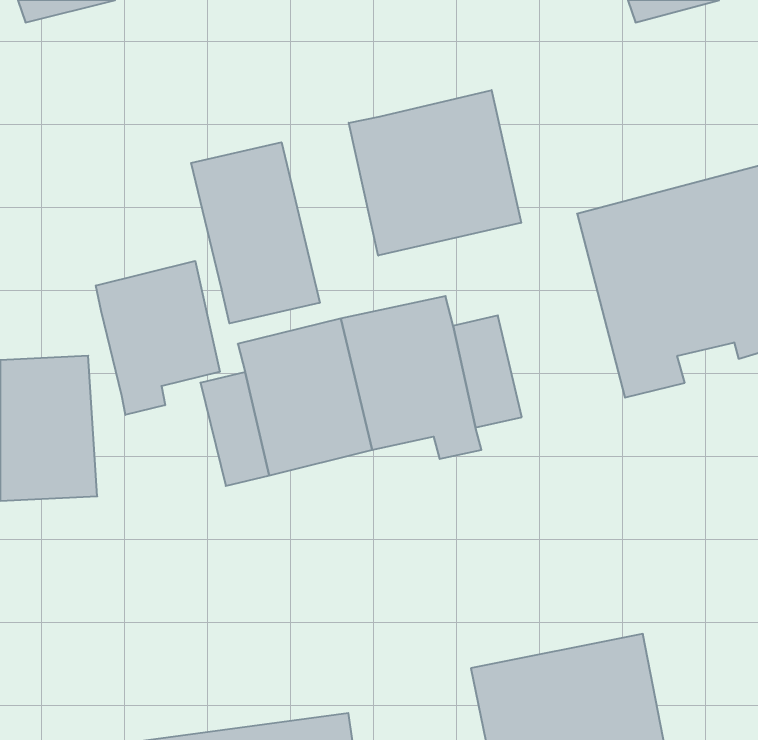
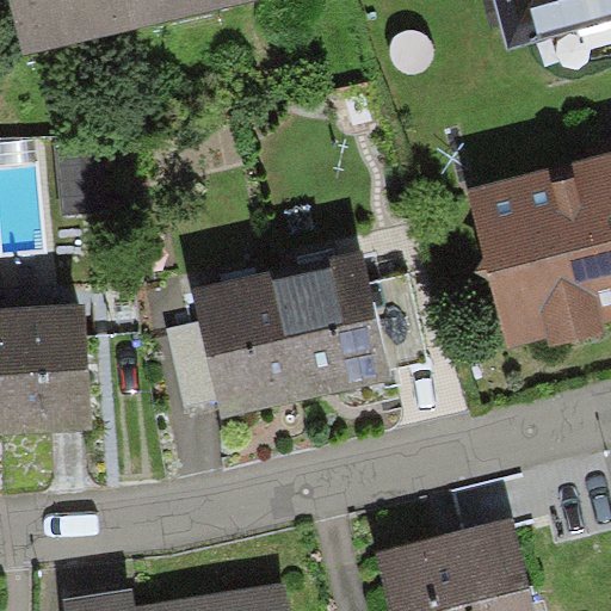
building: [349,90,521,256] -> none
building: [191,142,320,323] -> none
building: [96,261,220,415] -> none

